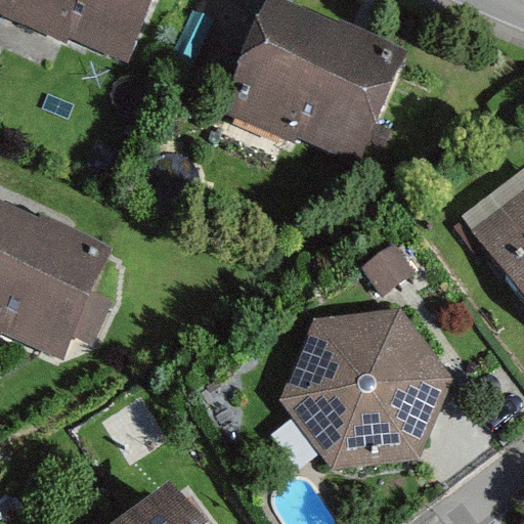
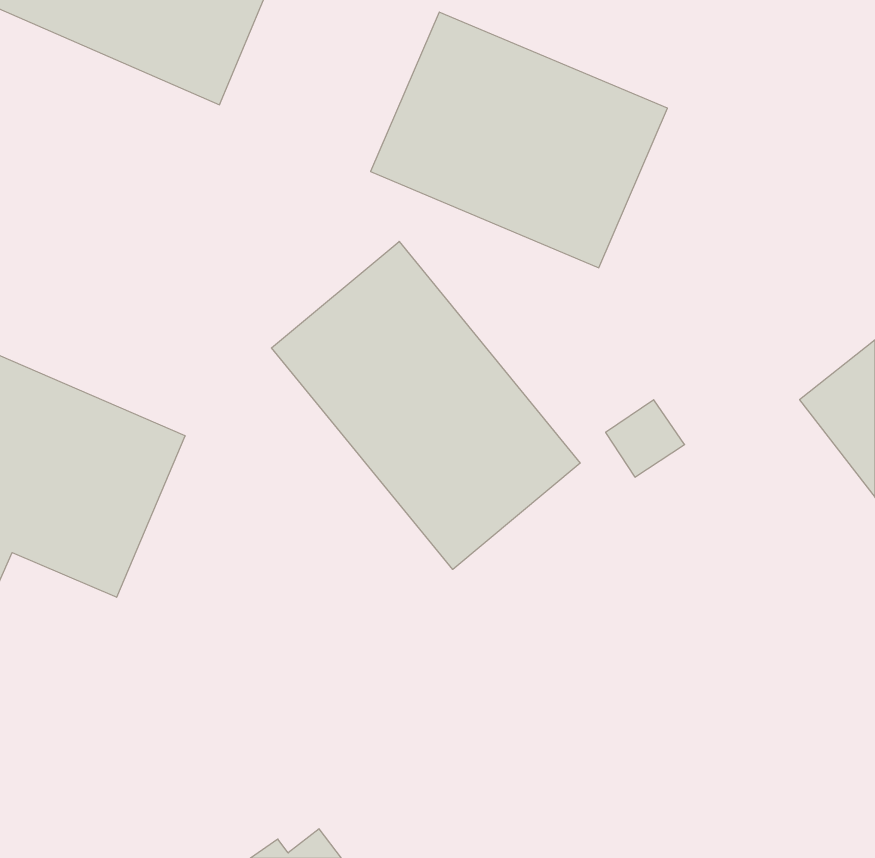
building: none -> [271,241,580,569]
building: [295,313,439,455] -> none

